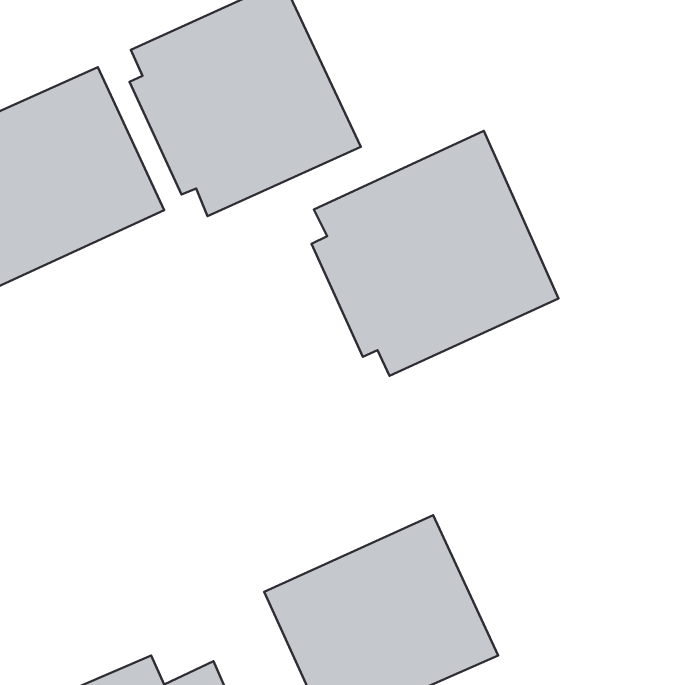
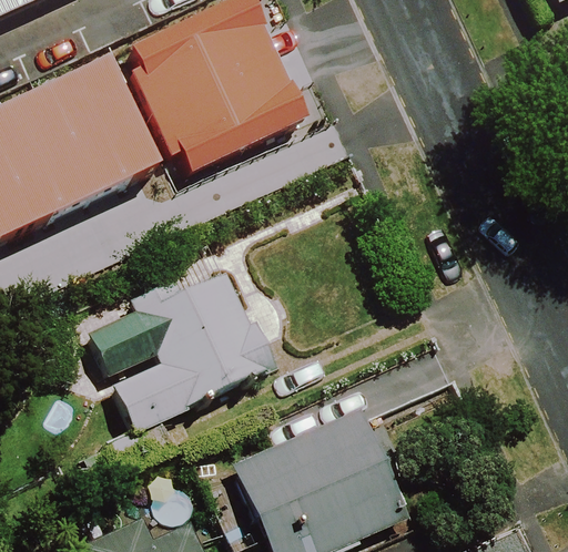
building: [312,131,558,376] -> none
building: none -> [88,272,270,428]

